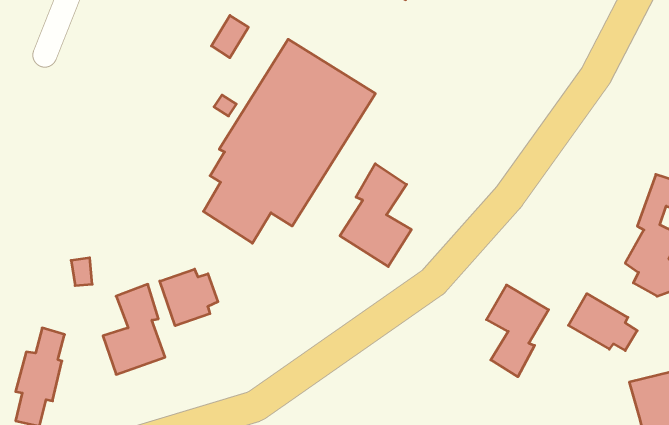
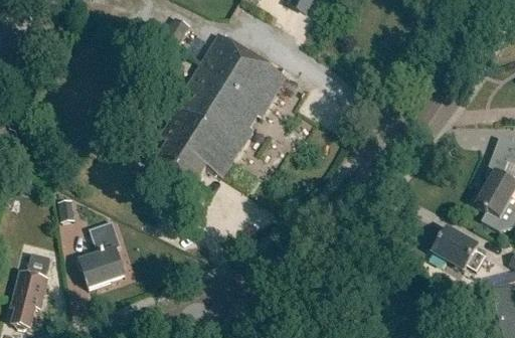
building: [340,164,411,267] -> none
building: [160,269,218,326] -> none
building: [486,285,549,377] -> none

